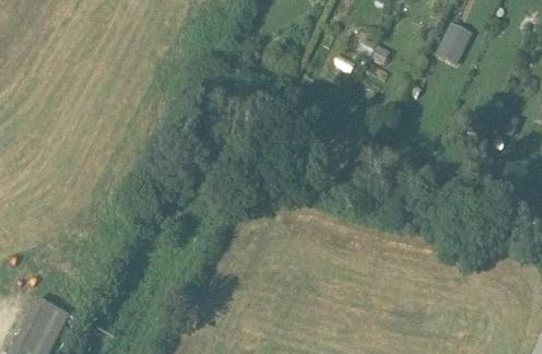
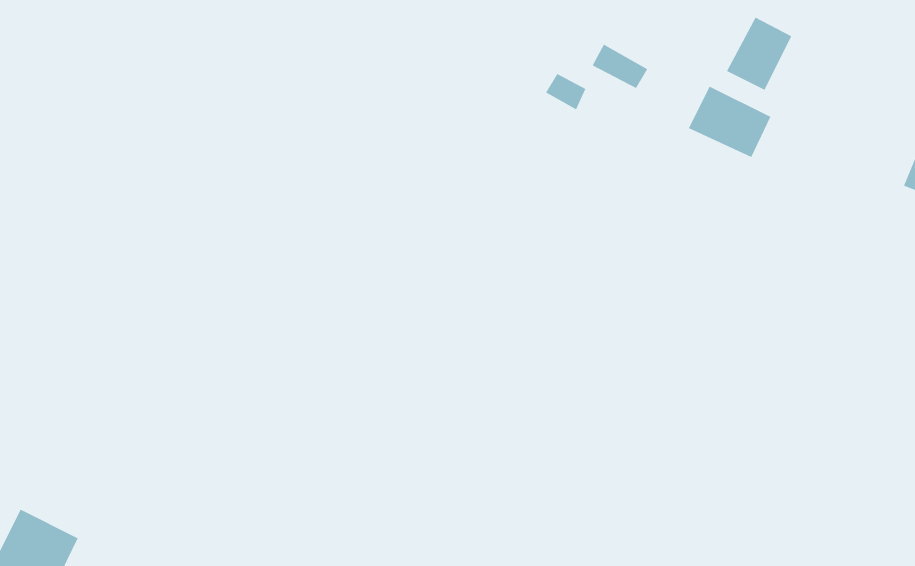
building: none -> [688,86,771,158]

